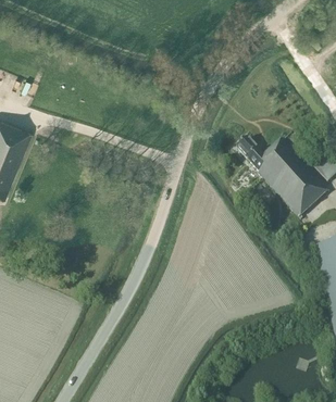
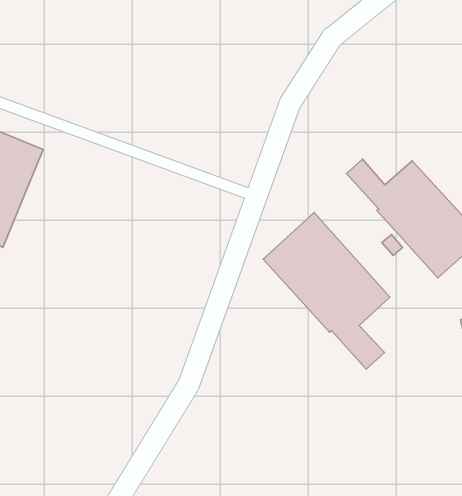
building: none -> [263,212,390,369]

